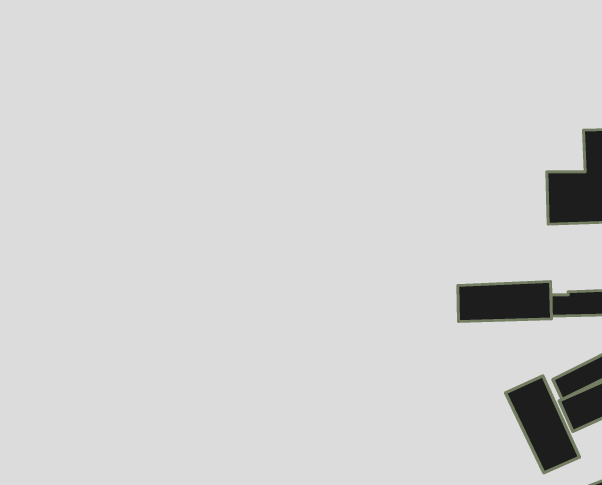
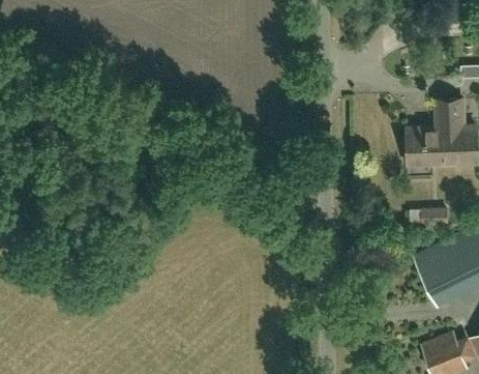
building: [458,281,551,321] -> none
building: [506,376,580,473] -> none

